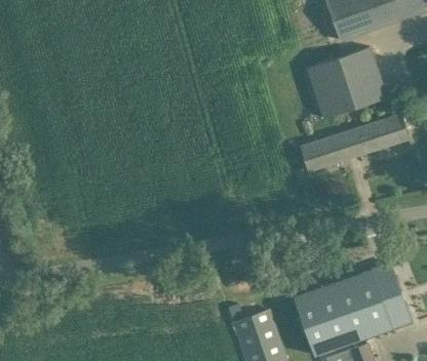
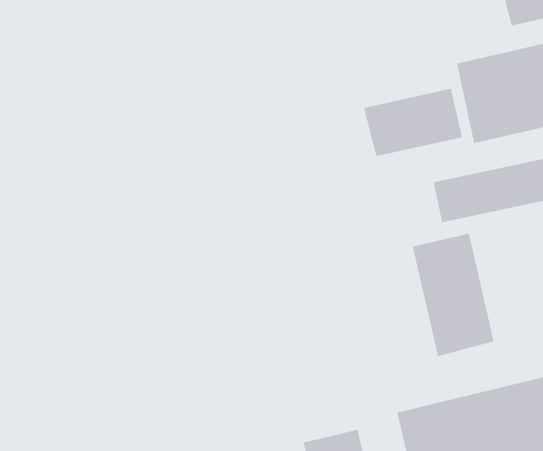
building: none -> [363,88,463,157]
building: none -> [412,233,494,357]

